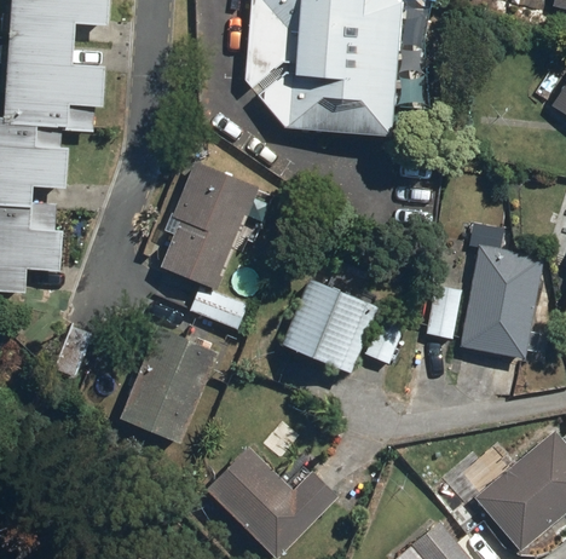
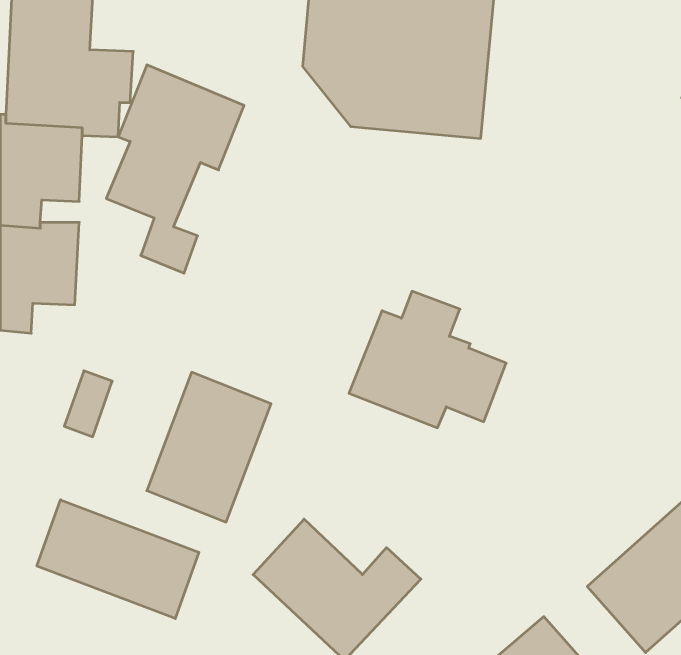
building: [163,159,275,327] -> [106,65,244,273]
building: [427,244,543,358] -> none
building: none -> [37,500,199,619]

